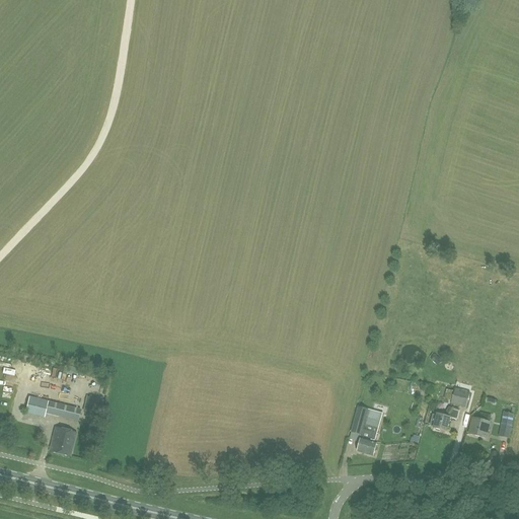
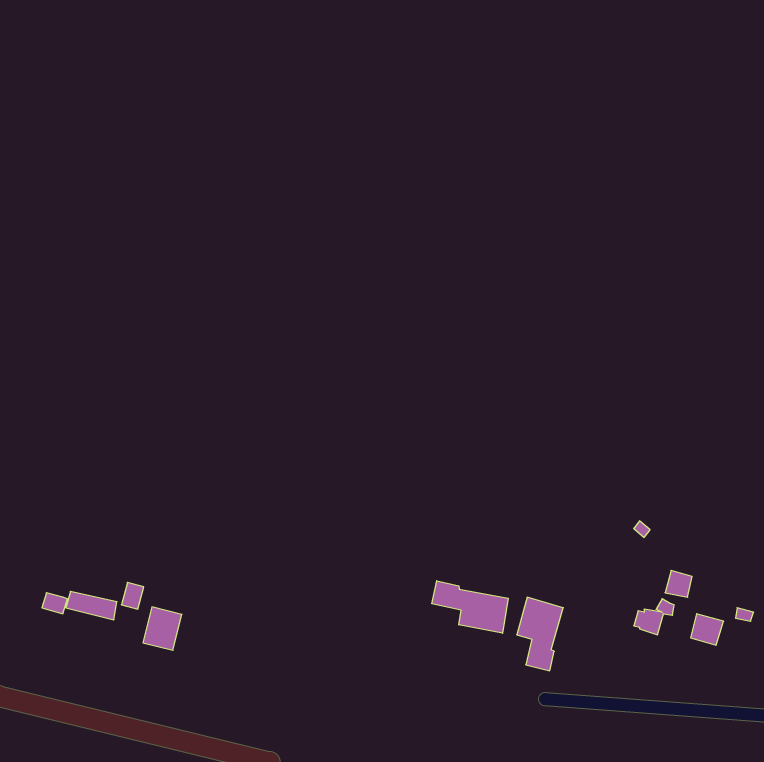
building: none -> [432,581,508,633]
building: [49,426,75,455] -> [143,607,182,650]

